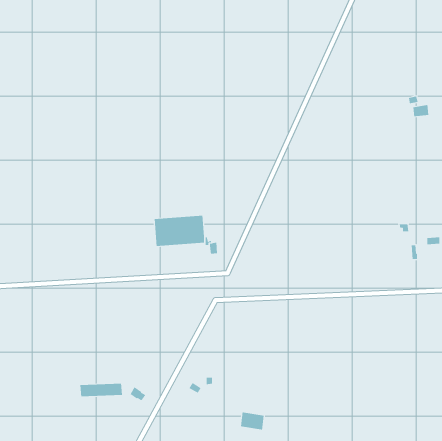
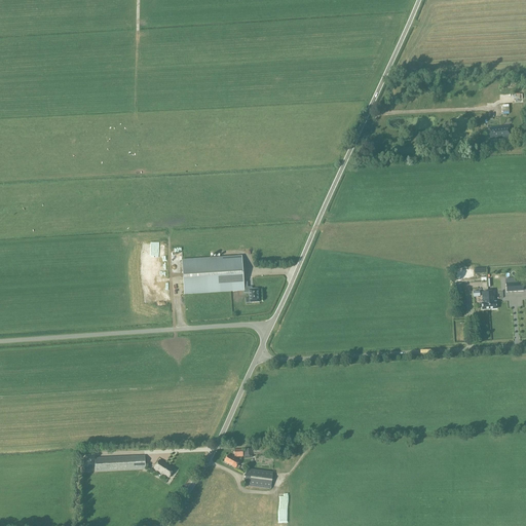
building: [240,412,264,430] -> [245,467,273,489]

